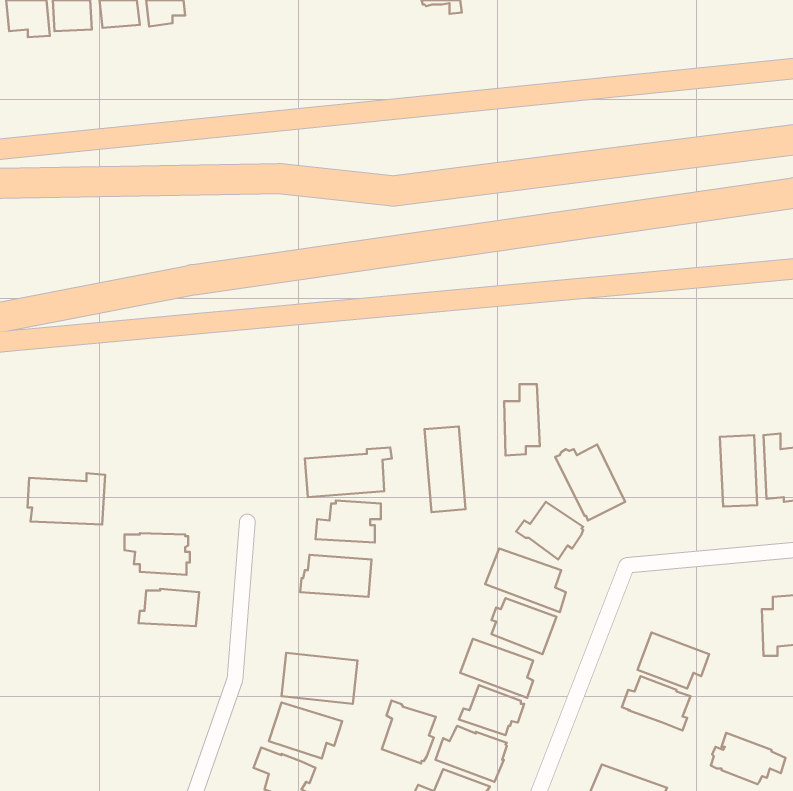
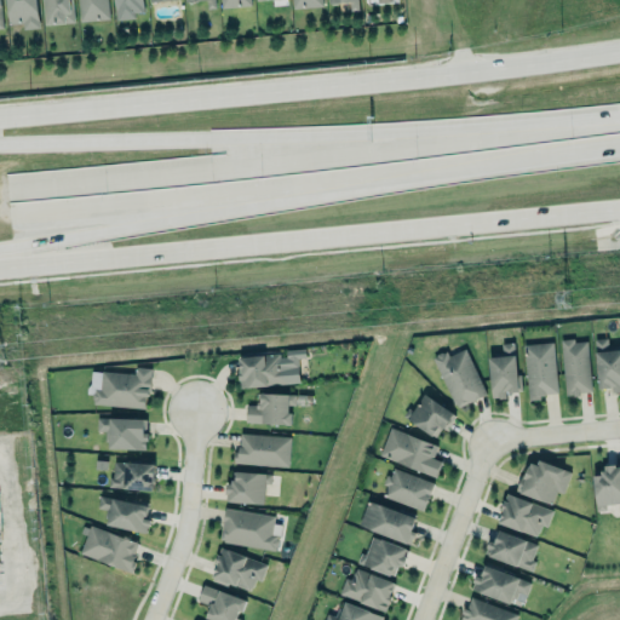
building: [504,384,540,456] -> [490,345,518,401]
building: [425,426,466,512] -> none
building: none -> [524,343,559,400]
building: [27,473,105,525] -> [90,369,150,409]
building: none -> [517,459,572,505]
building: none -> [226,471,272,504]
building: none -> [97,496,150,535]
building: none -> [79,527,140,574]
building: [382,701,436,763] -> none
building: [711,733,785,784] -> [473,564,532,604]

